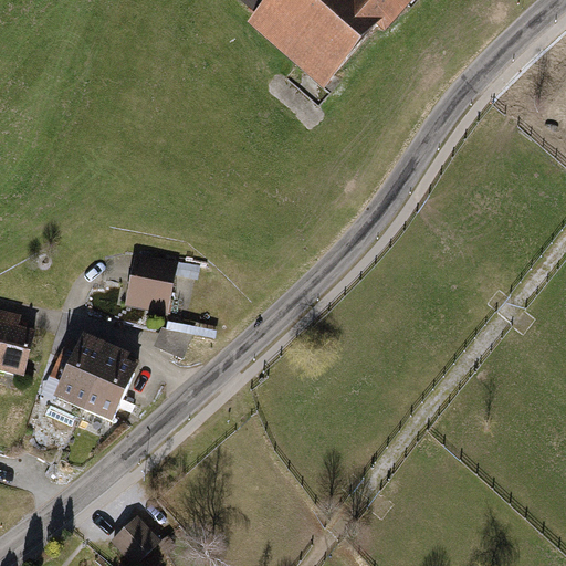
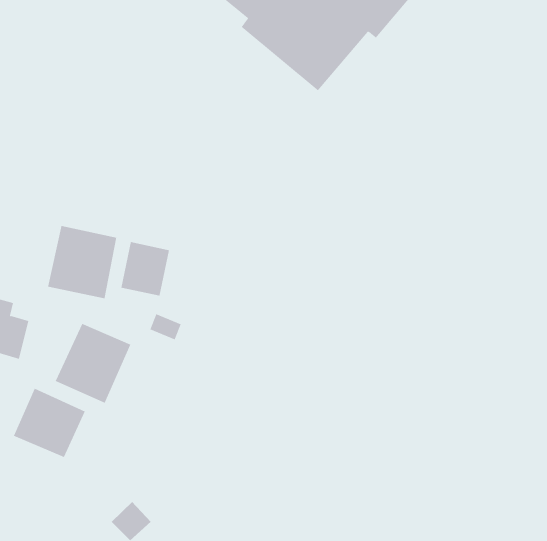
building: none -> [48,225,117,299]
building: none -> [13,388,86,458]

